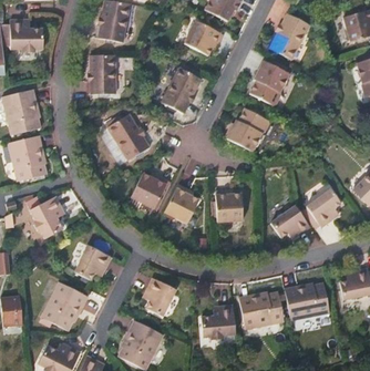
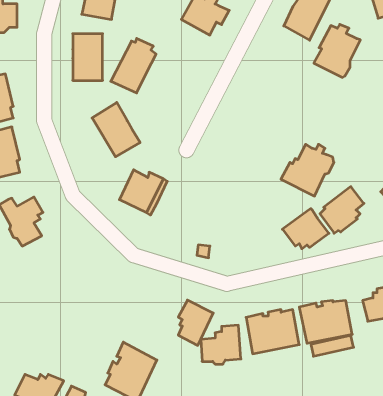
building: [249,60,289,105] -> [314,24,360,77]
building: [162,66,201,113] -> [111,38,156,93]
building: [224,107,269,152] -> [281,144,334,196]
building: [163,184,197,224] -> none
building: [212,189,243,223] -> none
building: [73,244,111,279] -> none
building: [144,278,174,317] -> [178,300,213,345]
building: [39,281,86,330] -> none

